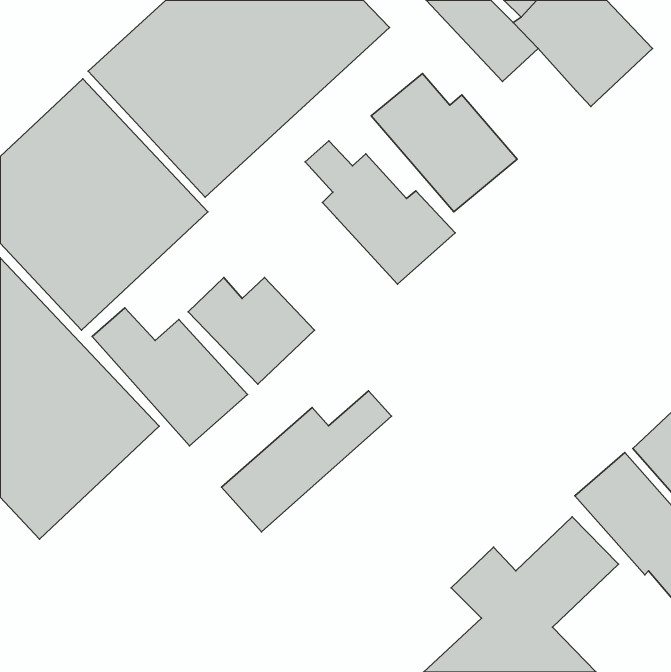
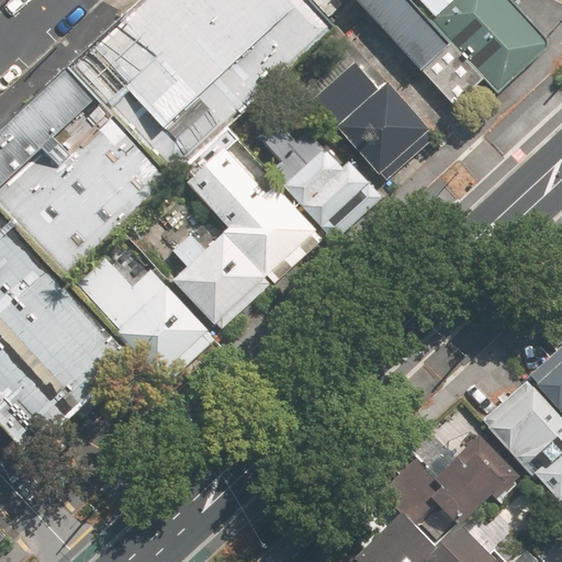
building: none -> [420,41,482,102]
building: none -> [187,147,315,276]
building: [221,391,391,532] -> none

